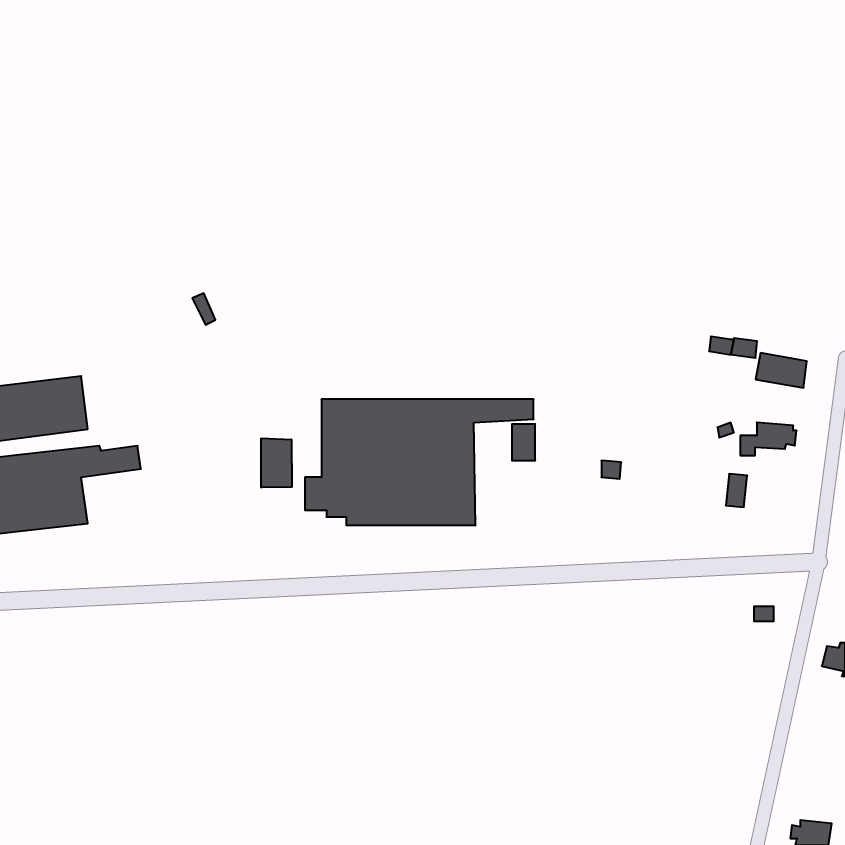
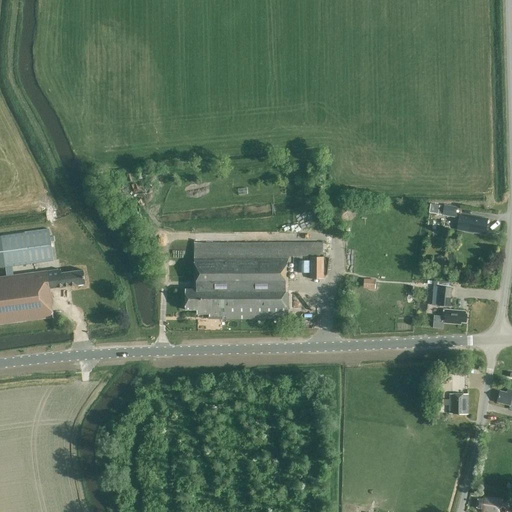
building: [740,422,797,455] -> [433,308,467,328]
building: [261,438,292,488] -> none
building: none -> [449,393,468,414]

